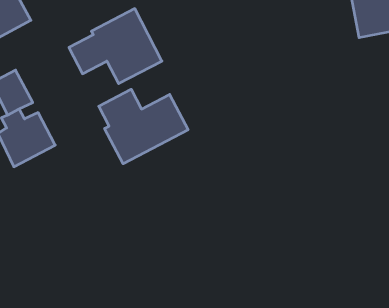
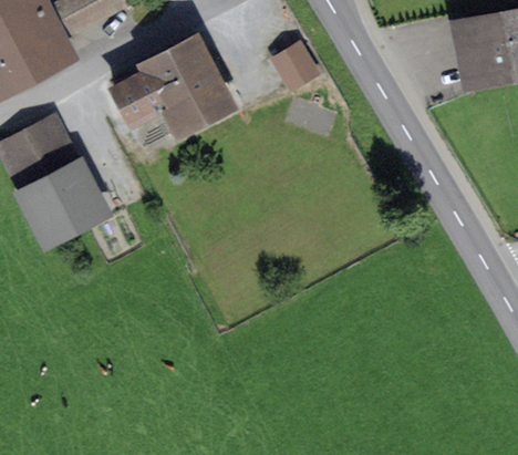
building: none -> [274,48,317,91]
building: [99,89,188,164] -> none

